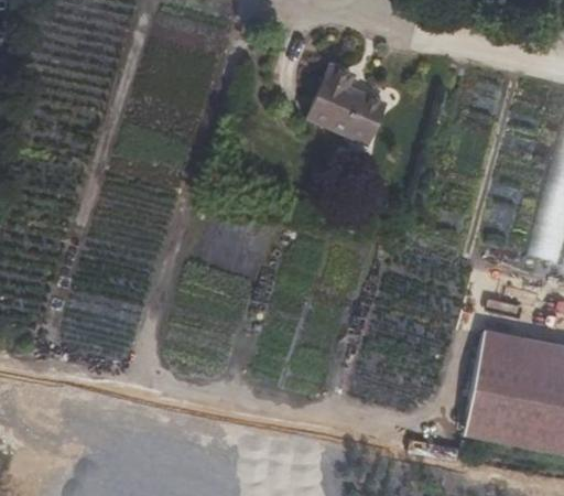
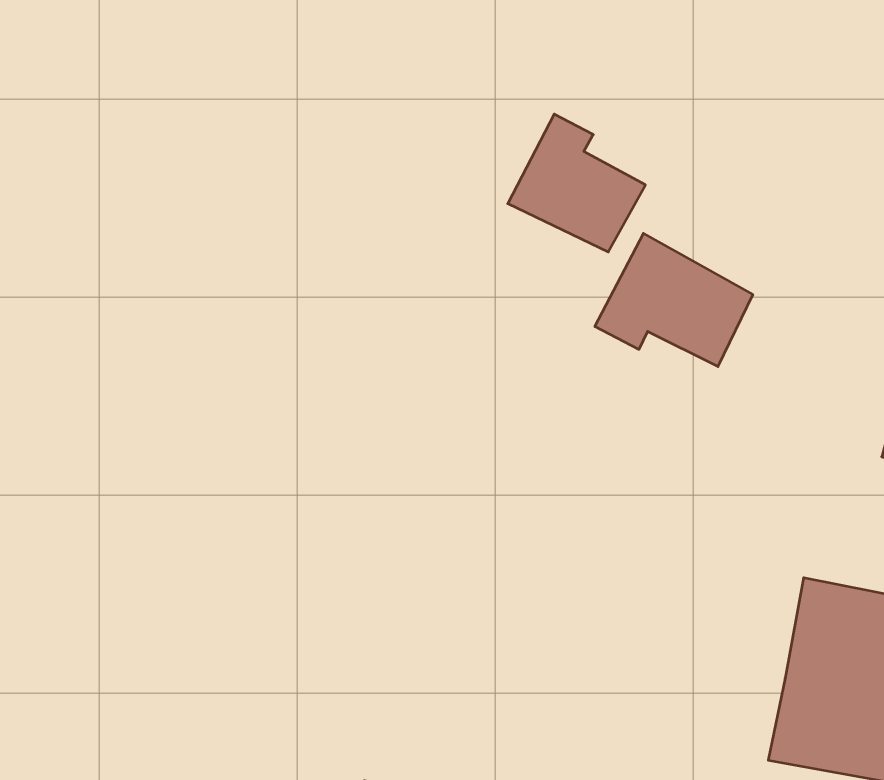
building: none -> [595,233,753,367]

